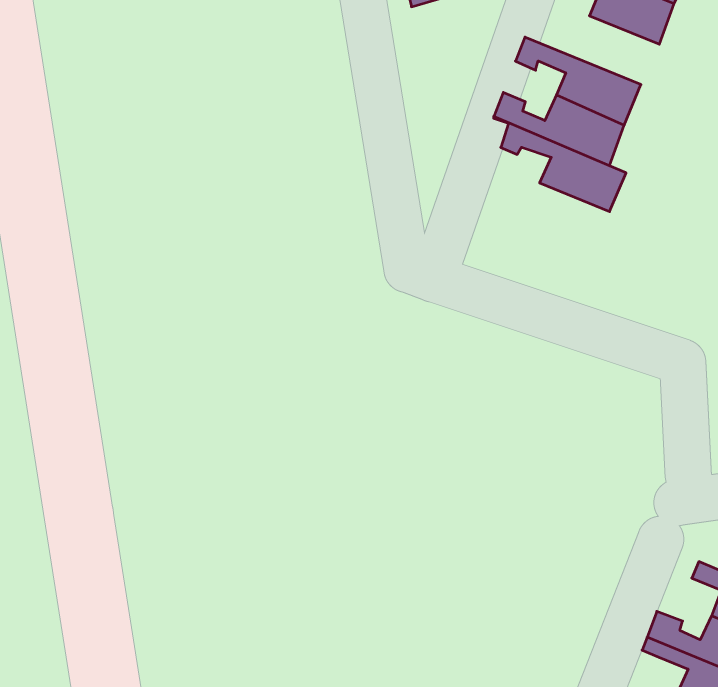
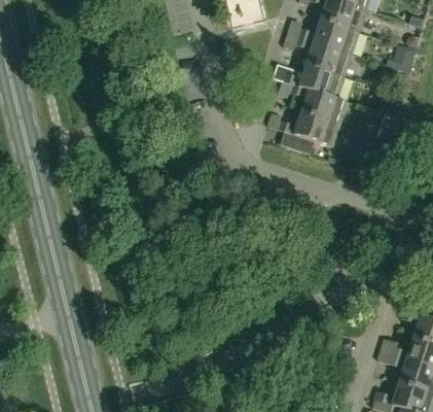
building: none -> [286,18,359,53]
building: none -> [266,110,339,152]

